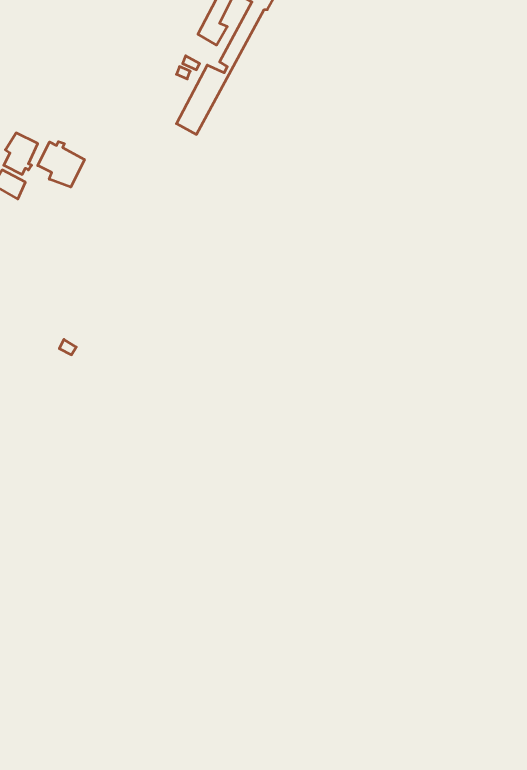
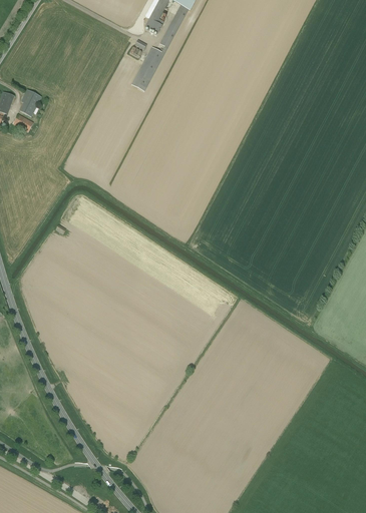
building: [38,142,84,187] -> none

